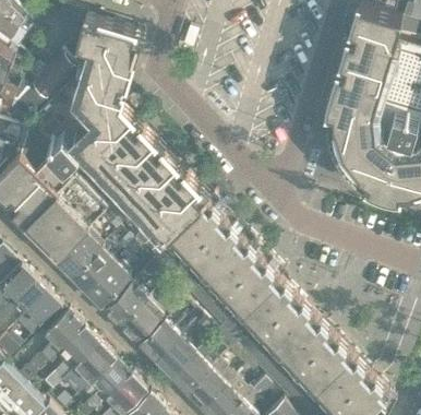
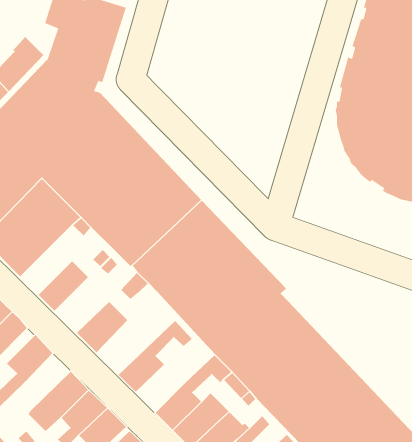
building: [55,234,99,278] -> none
building: [84,263,129,308] -> none
building: [120,289,184,344] -> none
building: [154,317,211,380] -> none
building: [43,329,98,391] -> none

